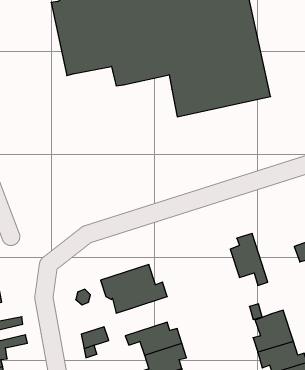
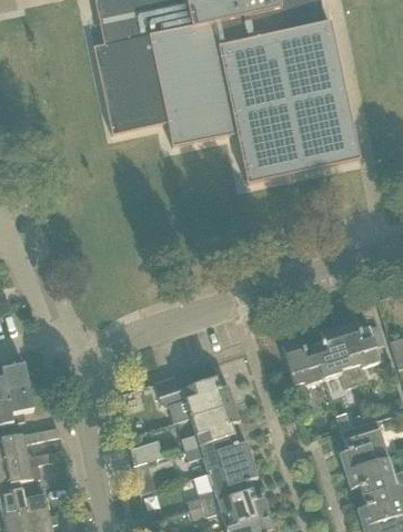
building: none -> [337,320,380,385]
building: none -> [281,338,322,402]
building: none -> [180,402,240,450]

